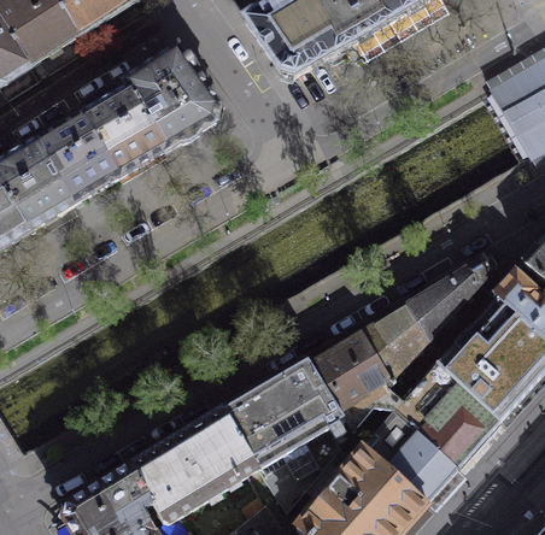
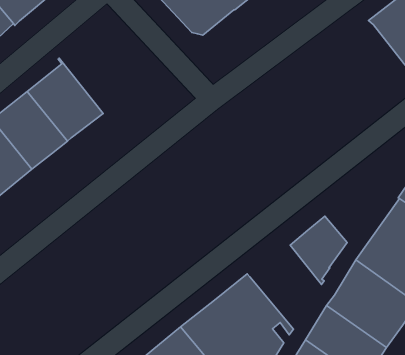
building: [124,46,219,151] -> none
building: [406,252,497,339] -> none
building: [310,333,392,430] -> none

